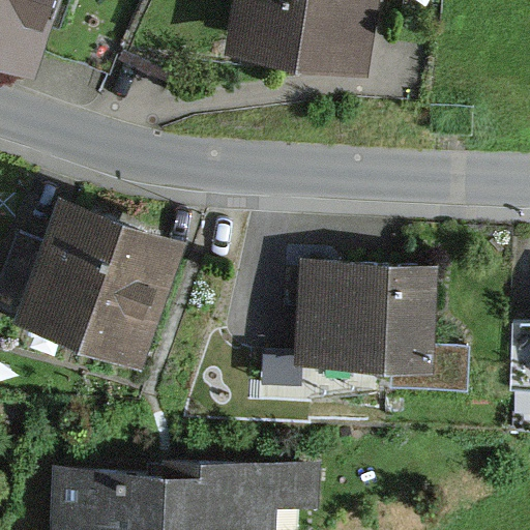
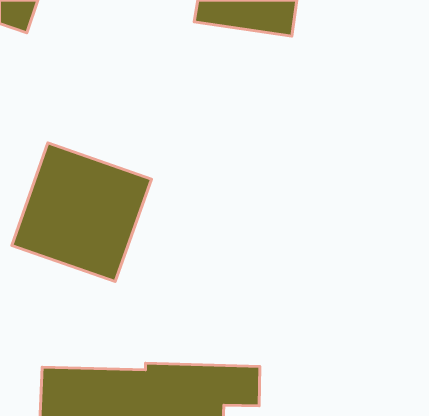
building: [293,263,438,374] -> none

